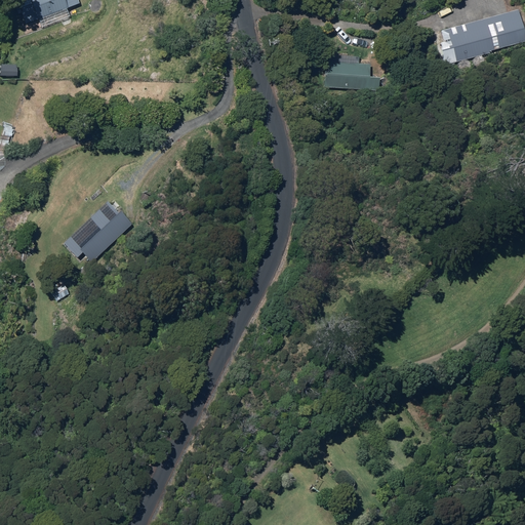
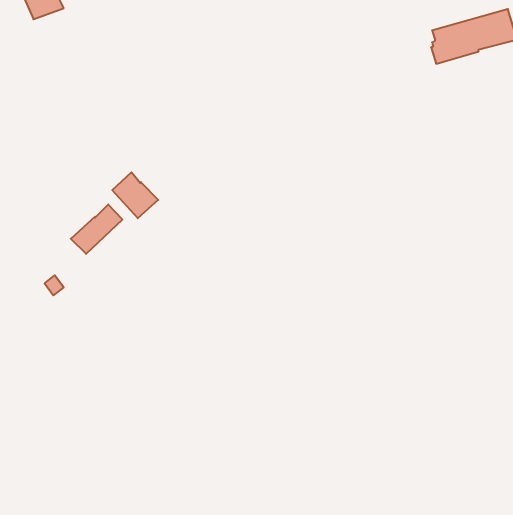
building: [325,62,380,90] -> none
building: none -> [112,172,158,218]

